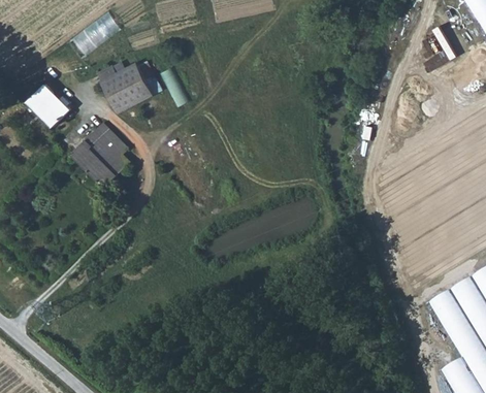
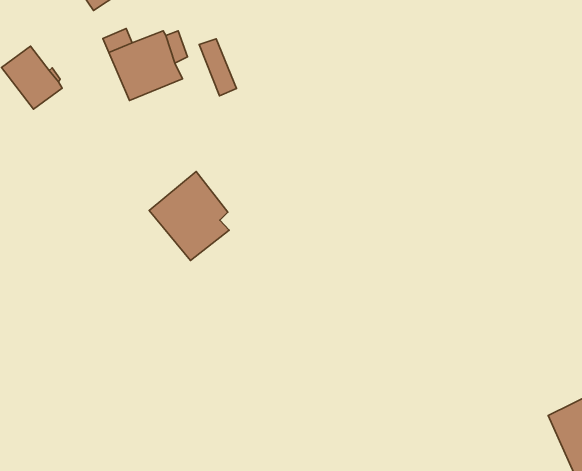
building: [75,123,132,185] -> [149,172,229,261]

